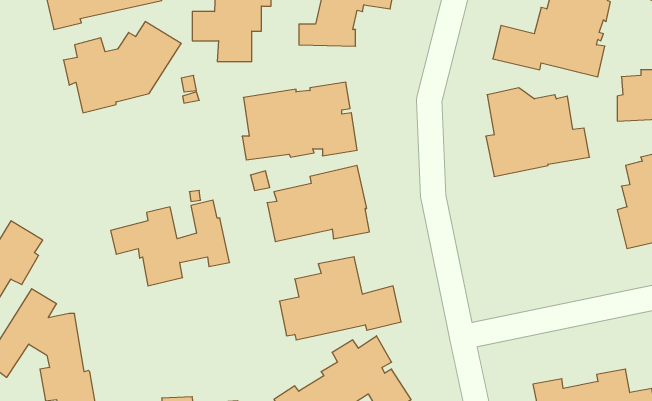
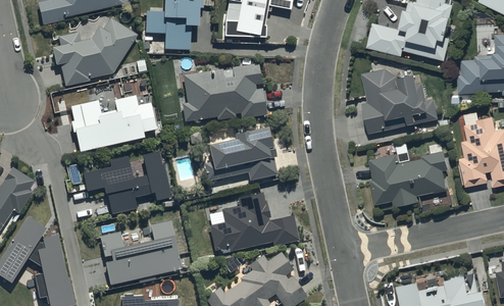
building: none -> [68,96,156,153]
building: none -> [368,151,448,207]
building: none -> [98,220,182,285]

